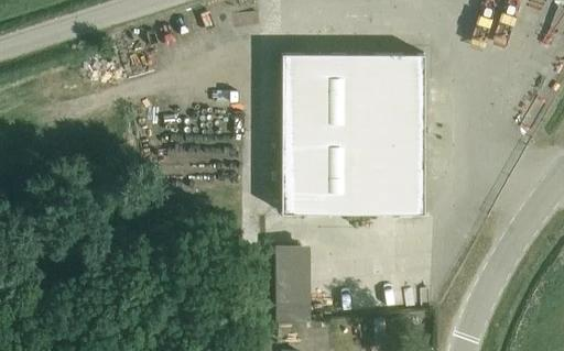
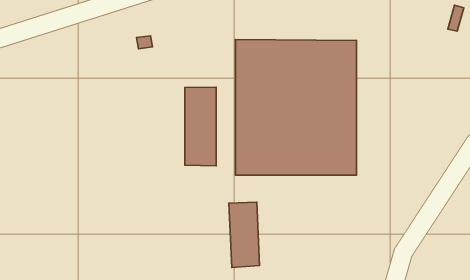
building: none -> [185,87,216,166]

